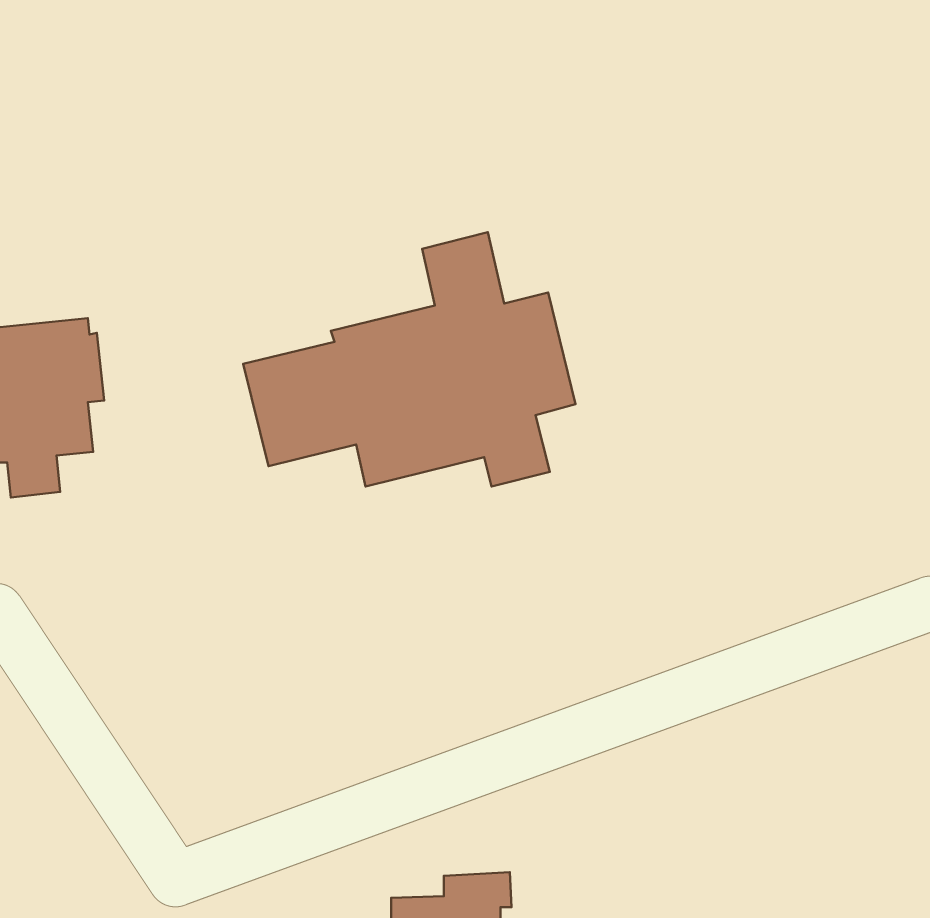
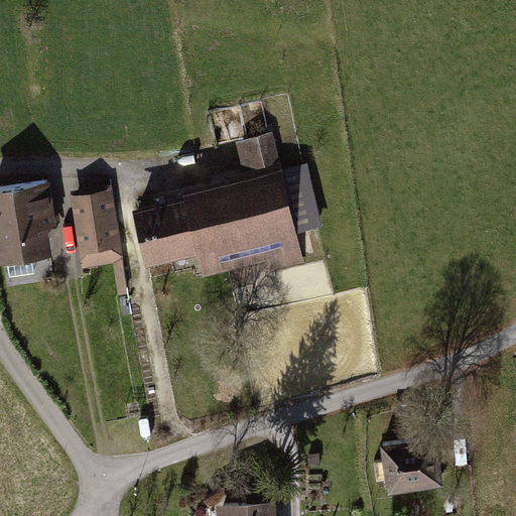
building: none -> [70,192,126,298]
building: none -> [379,435,442,494]

